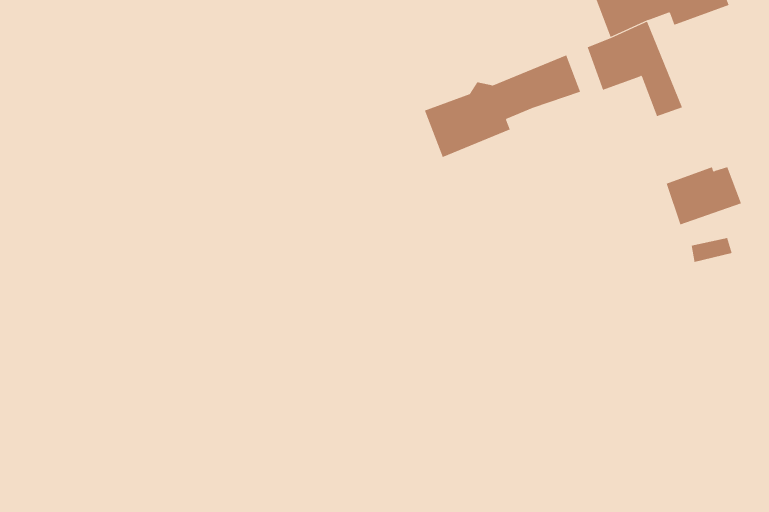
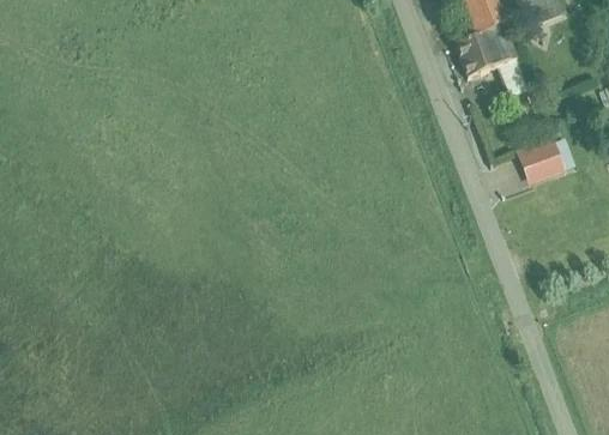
building: [424,55,581,158] -> none

